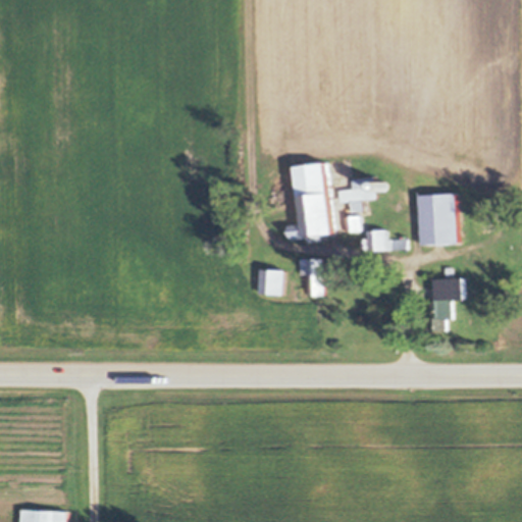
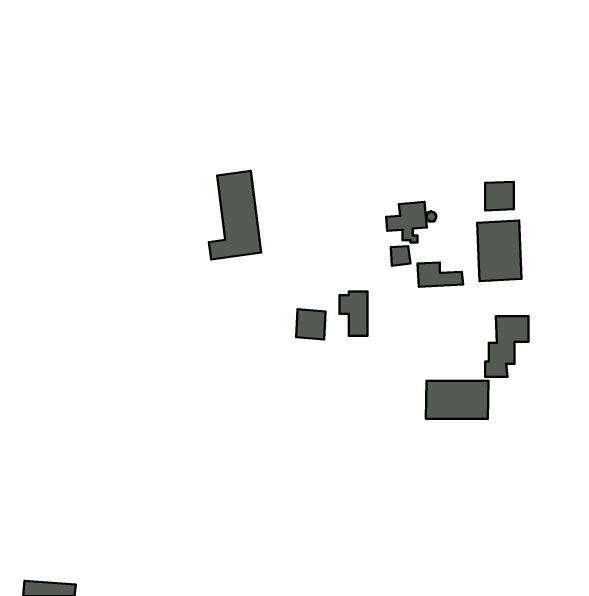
building: none -> [485,182,514,210]
building: [288,162,333,240] -> [209,171,261,260]
building: none -> [426,381,489,419]

